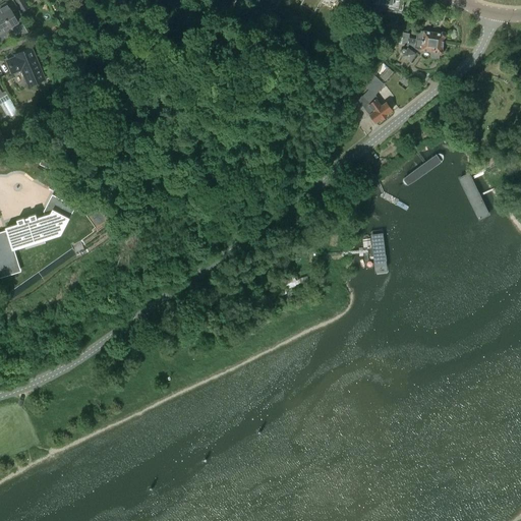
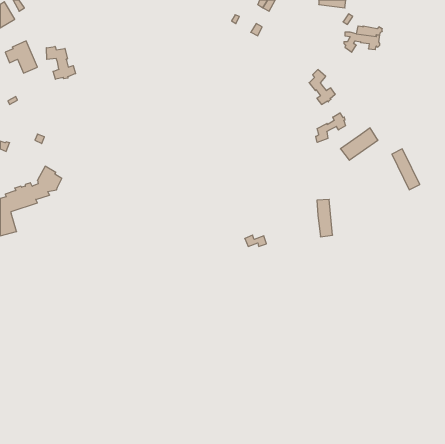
building: none -> [46,46,76,79]
building: none -> [316,113,346,142]

